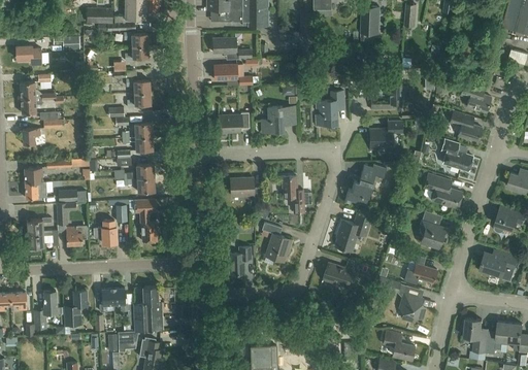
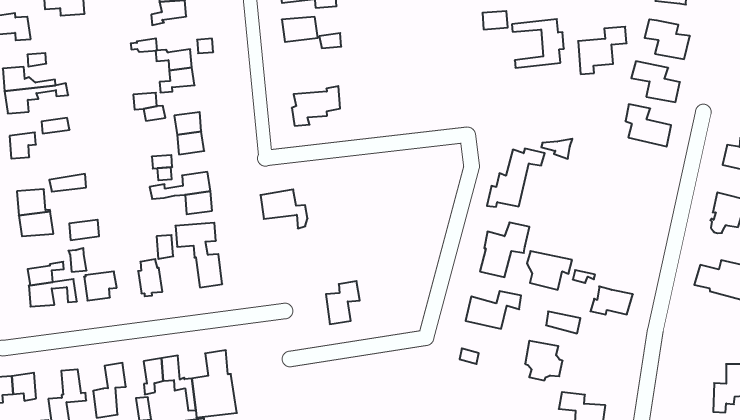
building: [316,91,344,126] -> none
building: [262,106,295,132] -> none
building: [369,122,402,152] -> [578,27,627,74]
building: [425,174,463,208] -> none
building: [283,176,304,213] -> none
building: [230,177,261,204] -> [260,189,308,228]
building: [419,221,450,248] -> [527,251,572,290]
building: [261,222,292,262] -> none
building: [399,293,425,321] -> [525,341,563,380]
building: [462,318,489,355] -> none

